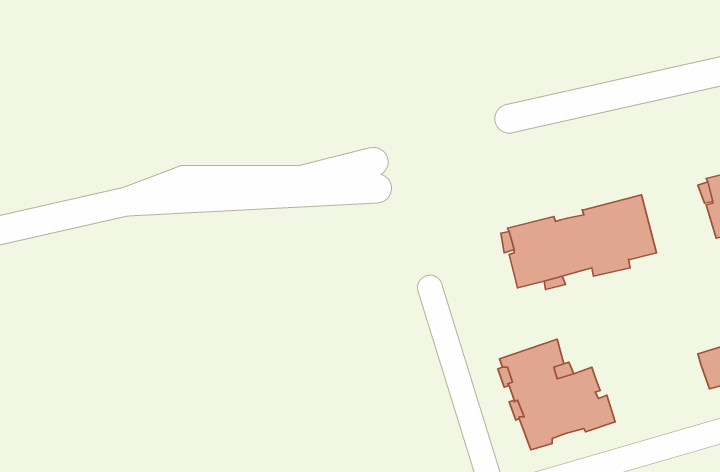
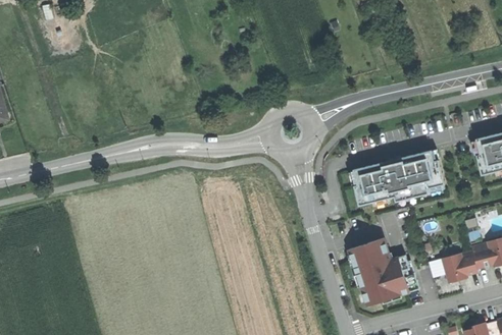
building: none -> [443,254,480,283]

